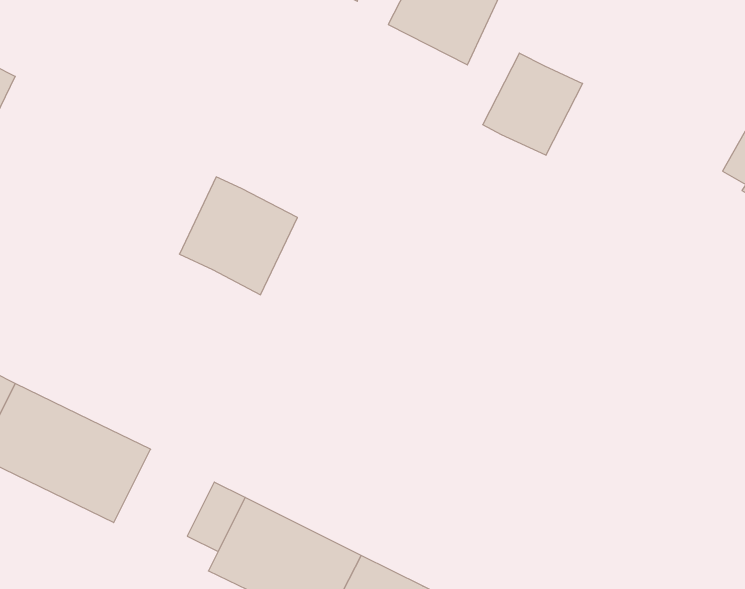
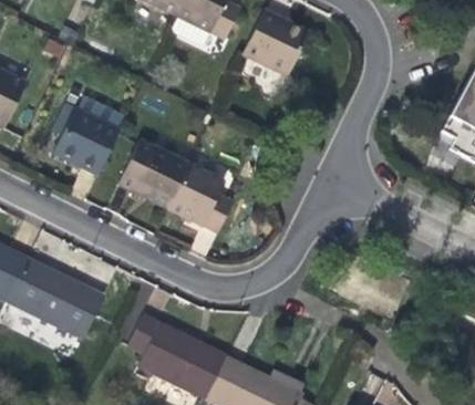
building: [483,53,583,155] -> none
building: none -> [55,95,126,173]
building: none -> [168,163,237,232]

